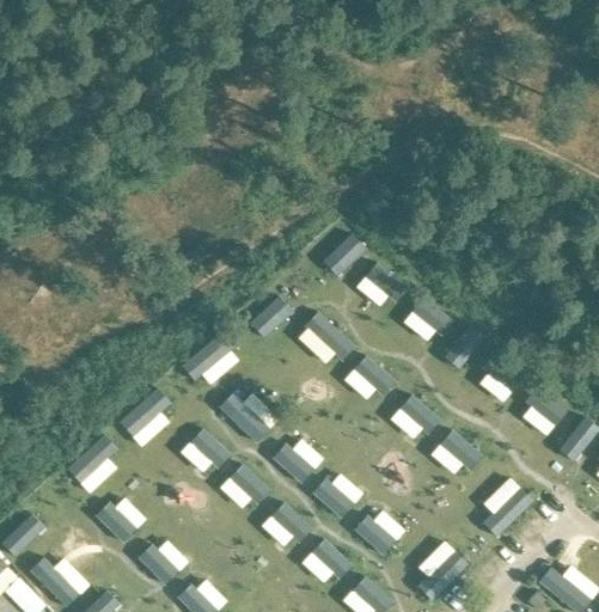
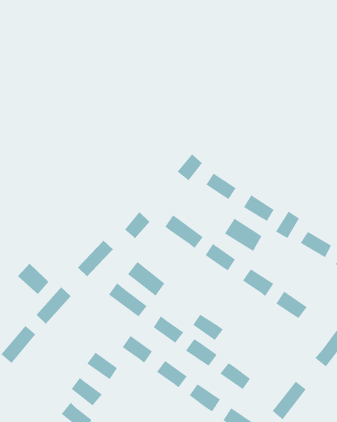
building: none -> [224,218,262,252]
building: none -> [17,263,49,295]
building: none -> [127,261,165,296]
building: [190,428,231,467] -> [86,352,118,380]
building: none -> [193,314,223,341]
building: [97,501,137,541] -> [71,377,102,406]

